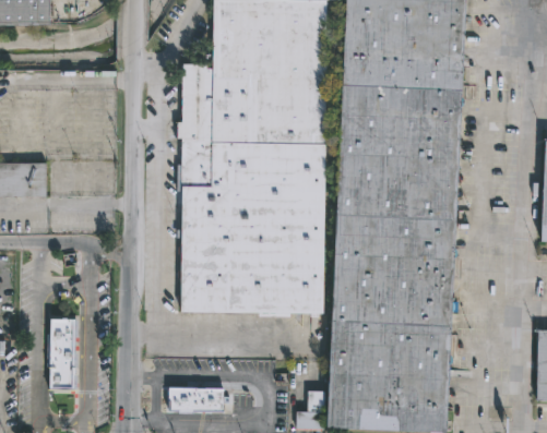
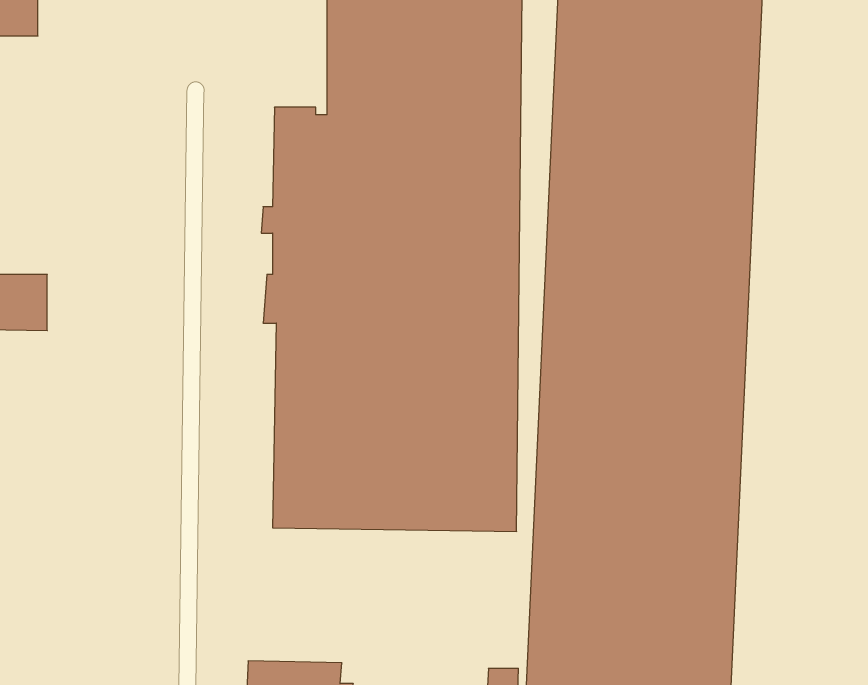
building: [49,315,81,393] -> none

